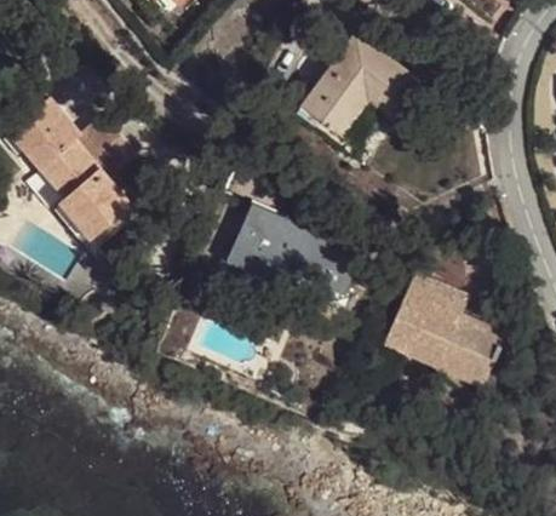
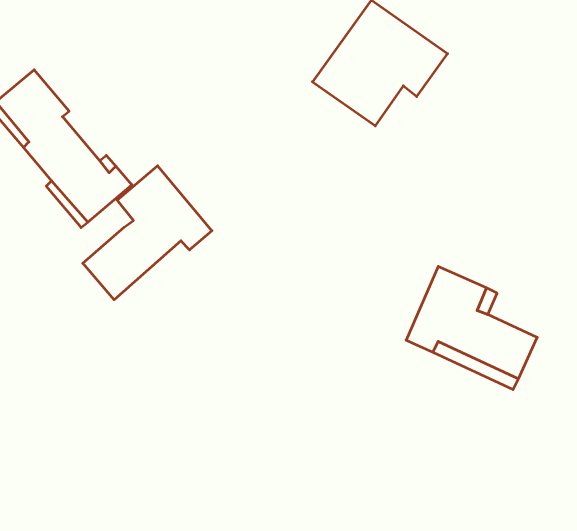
building: none -> [83,166,212,300]
building: [225,203,363,316] -> none

